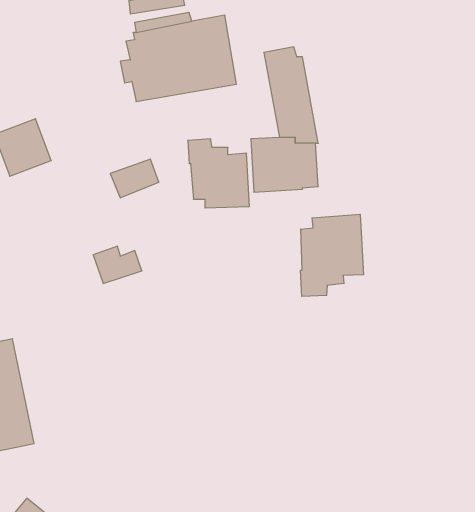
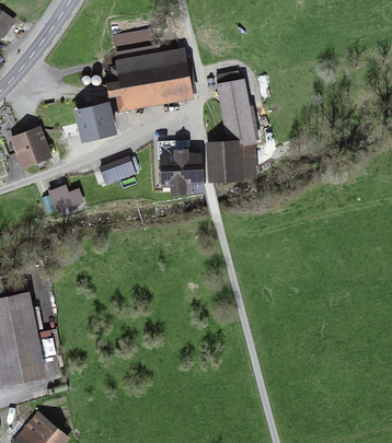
building: none -> [74,101,117,141]
building: [300,214,363,296] -> none
building: [93,246,142,284] -> [48,185,85,213]

